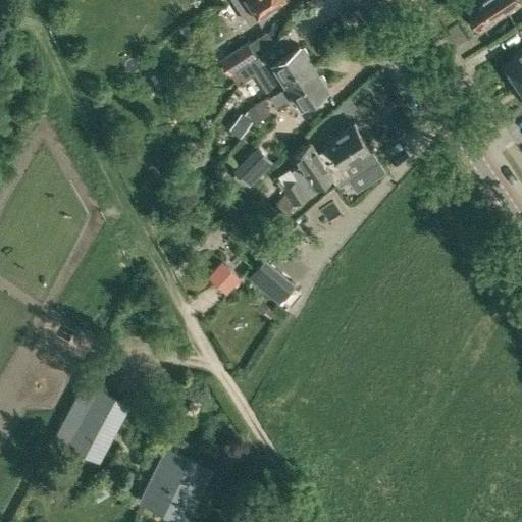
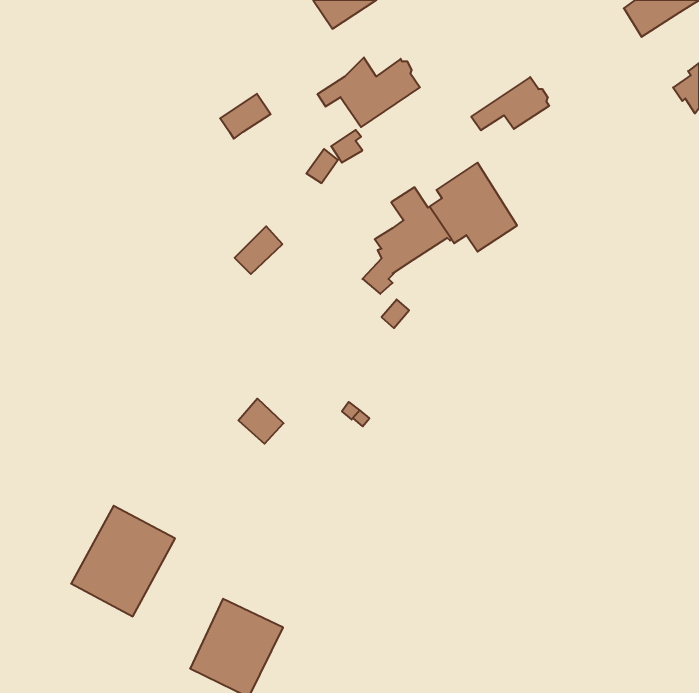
building: [219,46,257,80] -> [220,94,271,139]
building: [269,69,327,109] -> [471,77,549,130]
building: [237,151,272,187] -> [235,226,282,274]
building: [247,259,295,305] -> none
building: [207,263,241,297] -> [238,399,284,444]

